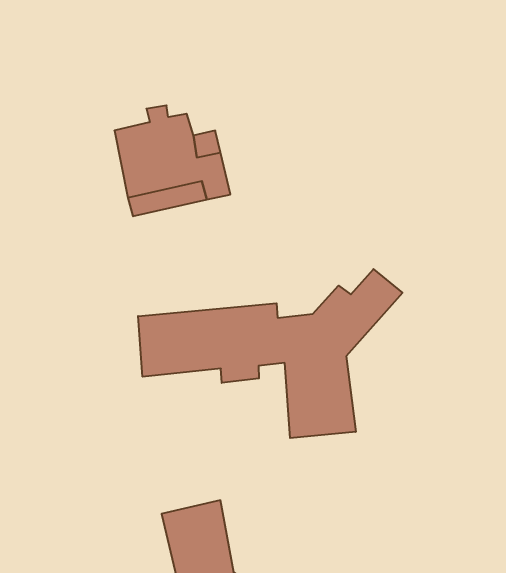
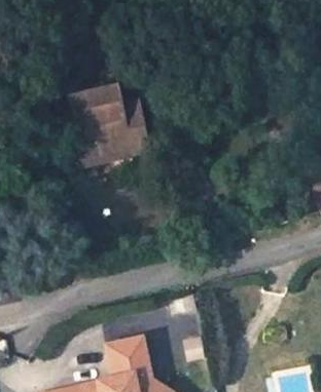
building: [138,269,402,438] -> none

